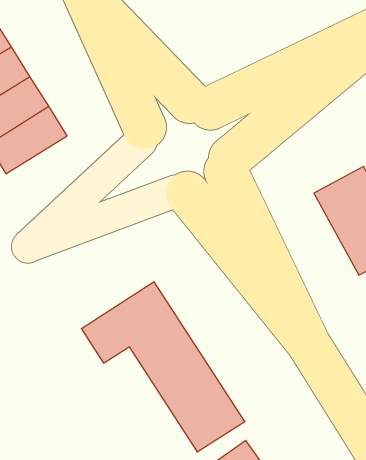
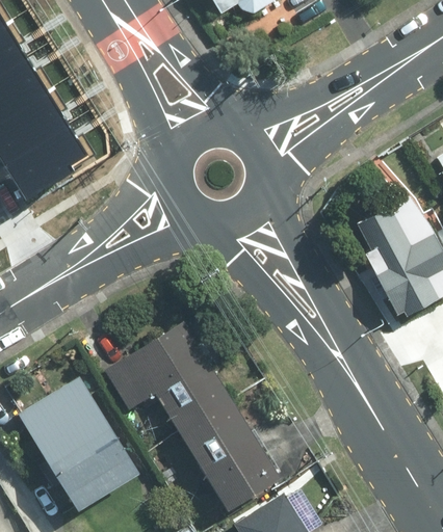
building: none -> [19,377,139,510]

